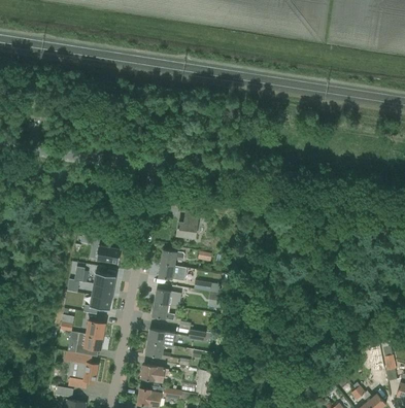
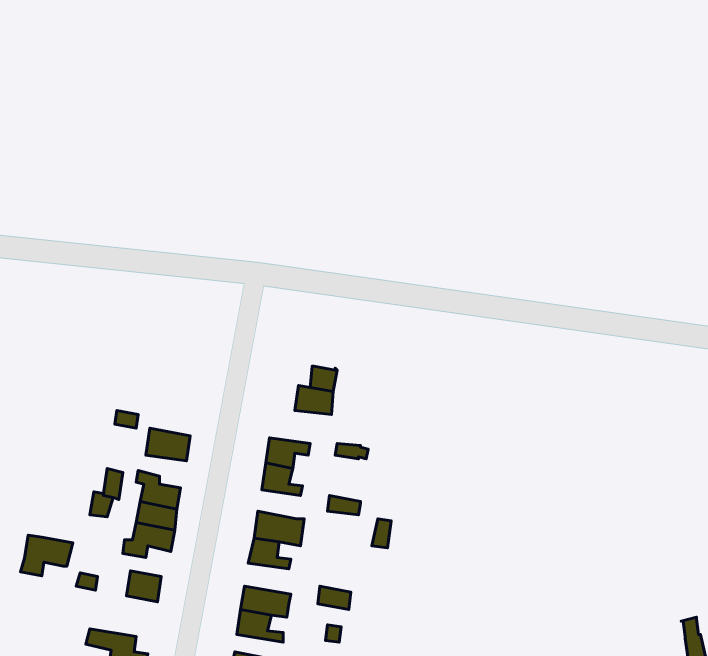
building: [74,334,102,355] -> [21,535,73,576]

